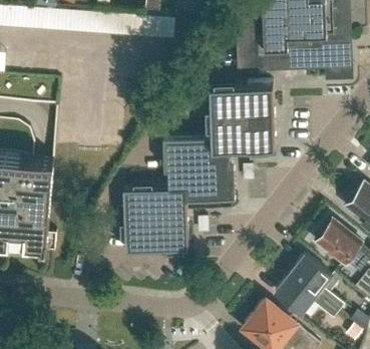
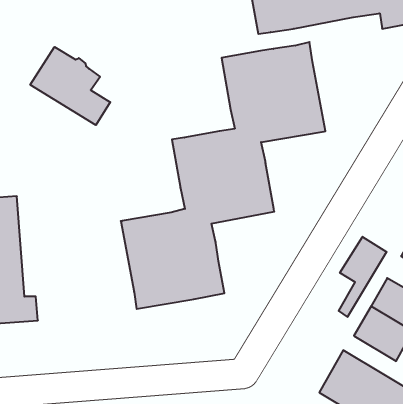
building: none -> [30,47,110,125]
building: none -> [339,237,387,317]

